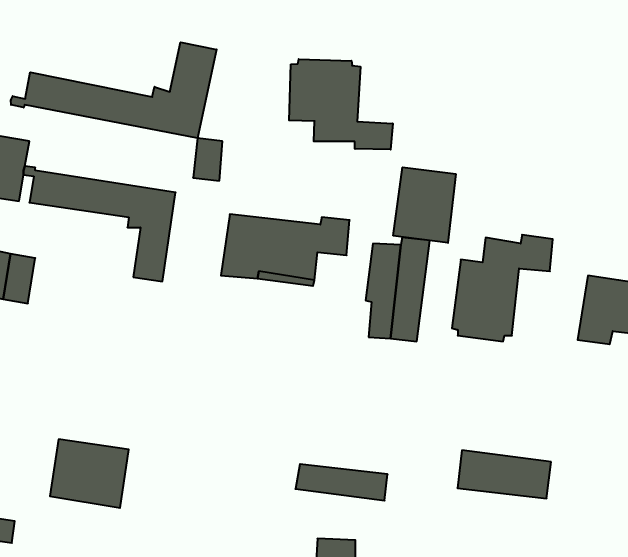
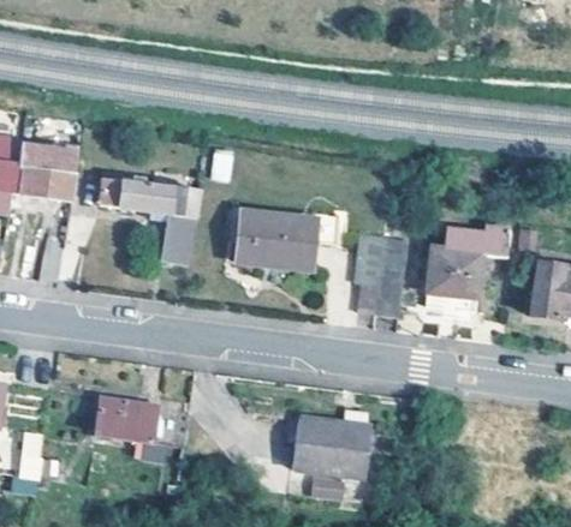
building: [11,42,217,138] -> none
building: [289,59,393,150] -> none
building: [393,167,456,243] -> none
building: [457,450,551,498] -> [292,436,369,475]

